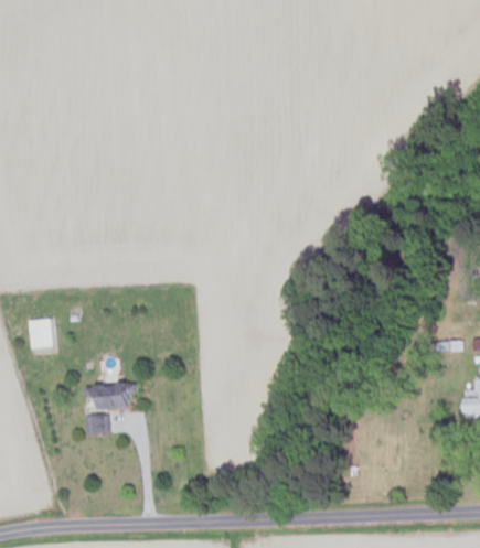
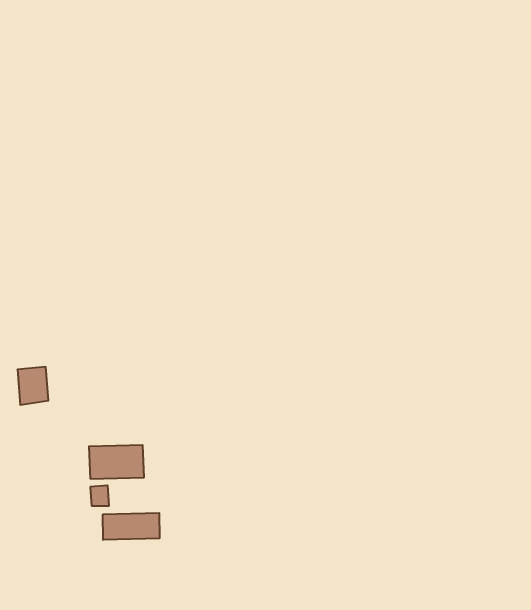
building: none -> [103,513,159,540]

